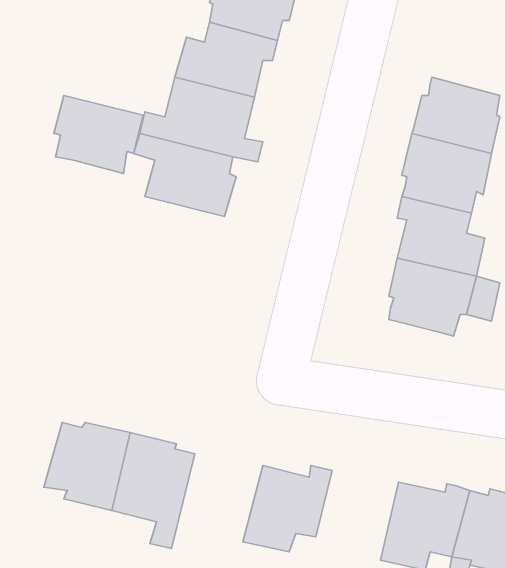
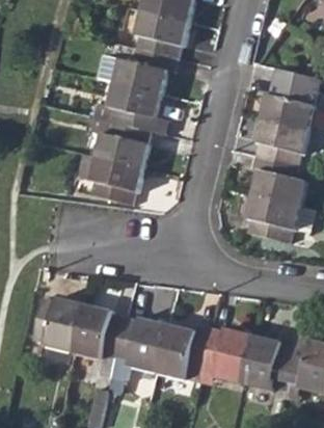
building: [54,95,143,173] -> [90,157,146,206]
building: none -> [113,318,170,380]
building: none -> [204,328,255,384]

